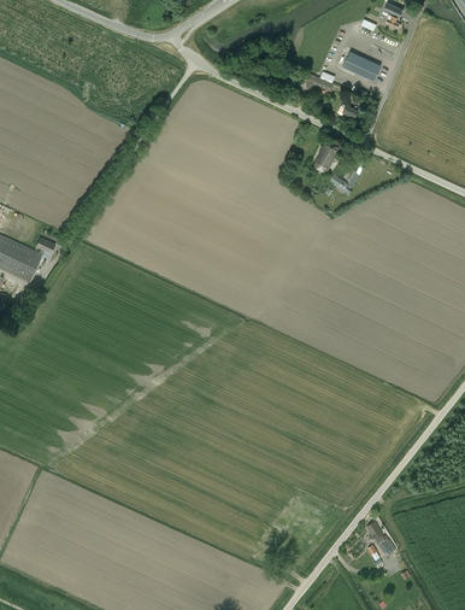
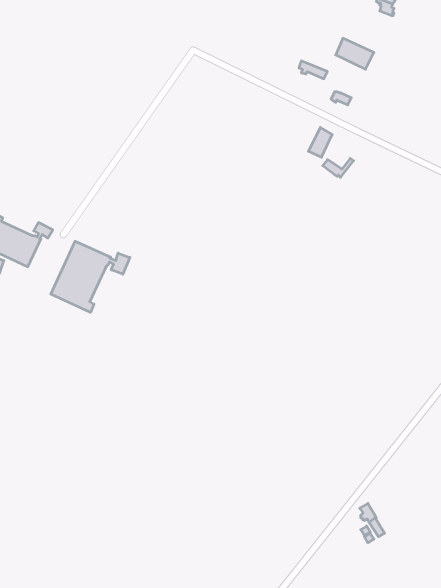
building: none -> [51,241,130,312]

